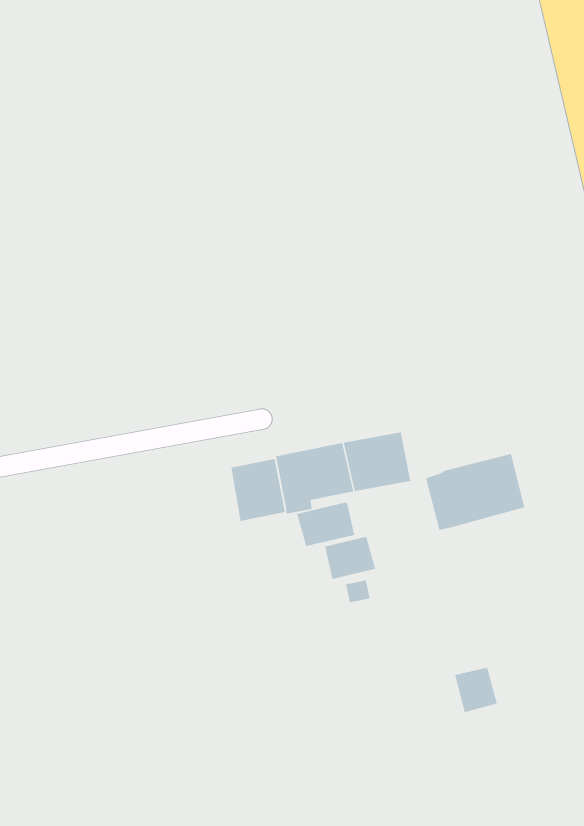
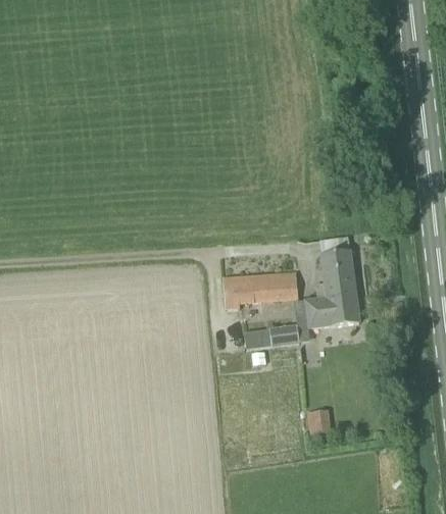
building: none -> [315,250,355,295]
building: [231,458,286,522] -> none
building: [296,502,355,547] -> [268,323,300,346]

